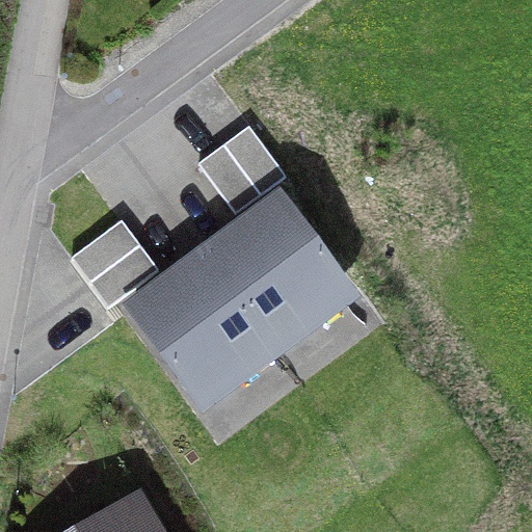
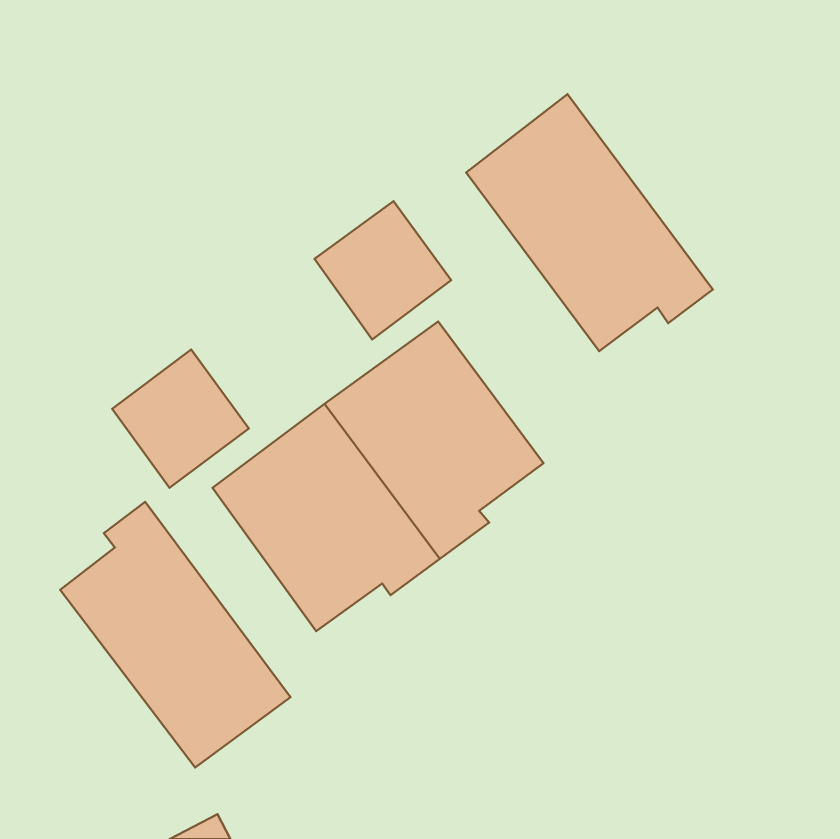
building: none -> [466,94,713,351]
building: none -> [60,502,290,768]

